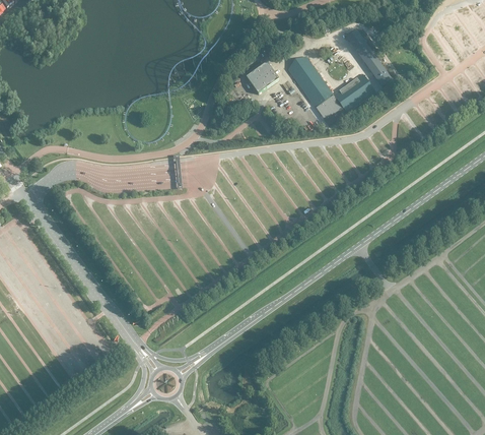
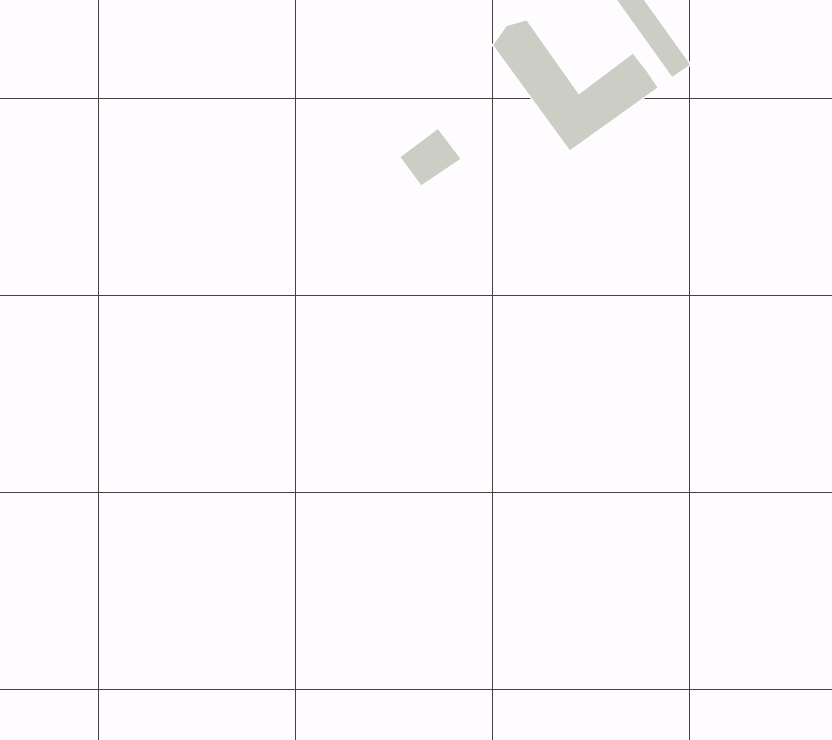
building: [245,61,277,91] -> [400,128,461,186]

